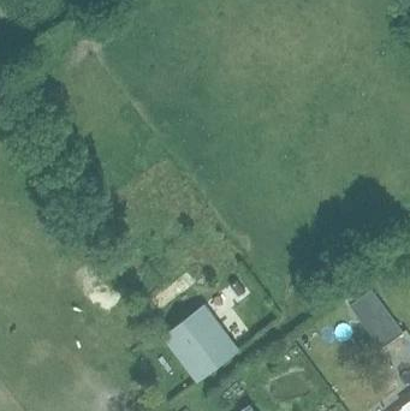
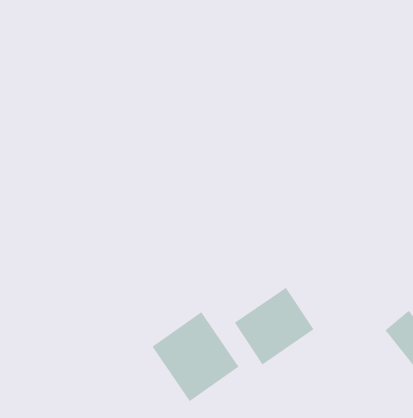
building: none -> [234,287,314,365]

